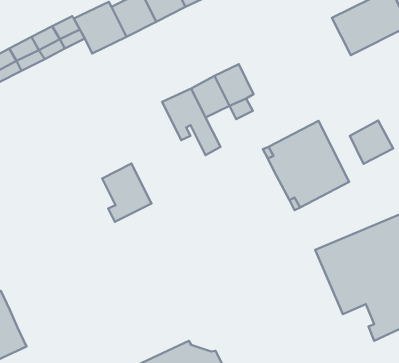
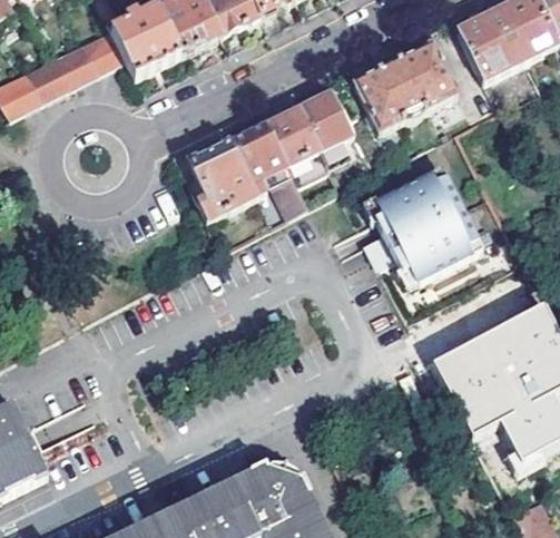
building: none -> [353,43,458,134]
building: [350,120,393,164] -> none
building: [102,163,151,222] -> [190,144,256,222]

